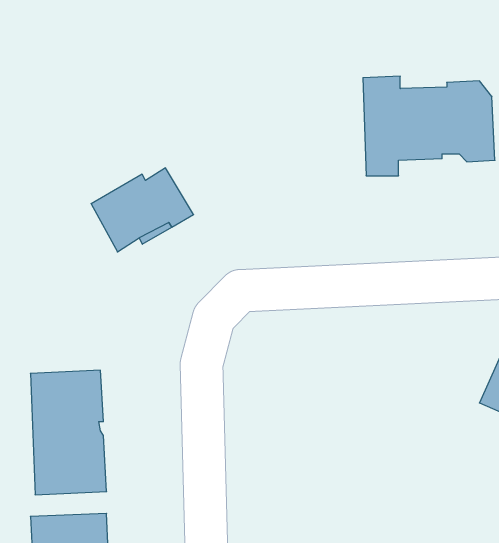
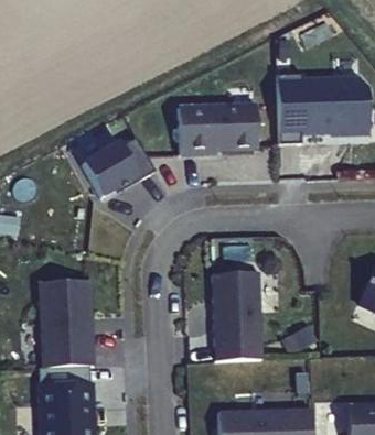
building: none -> [178,102,257,153]
building: none -> [212,271,264,360]

